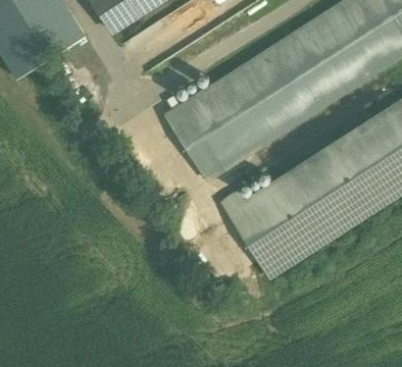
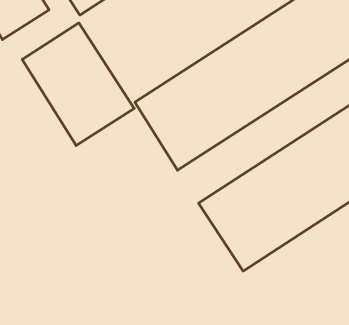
building: none -> [22,23,134,146]

